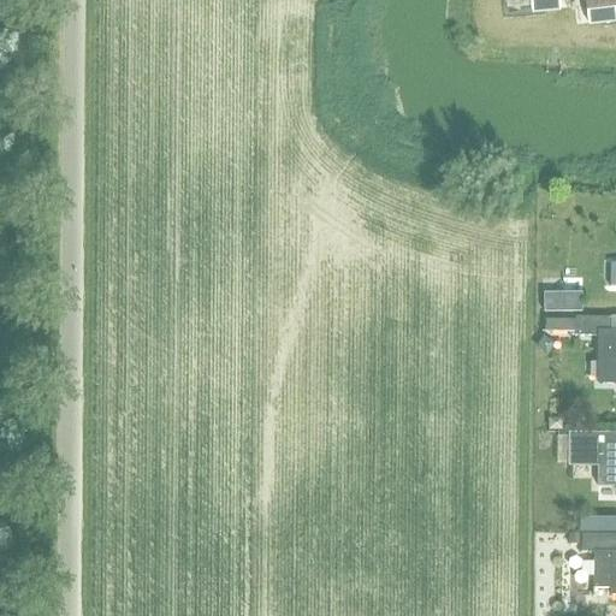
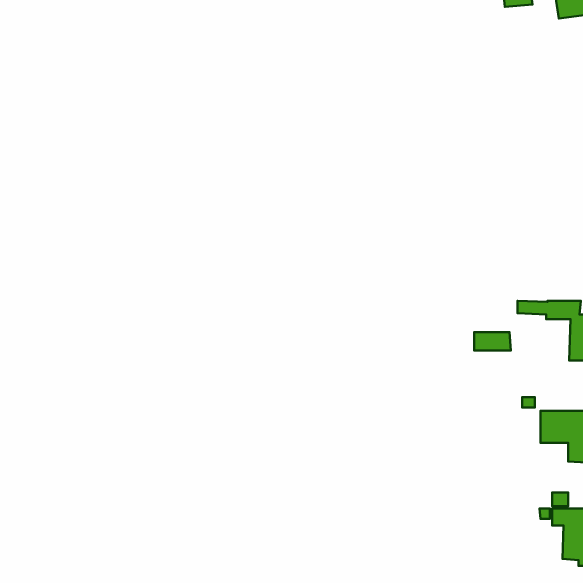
building: [546,290,585,309] -> [474,332,511,350]

